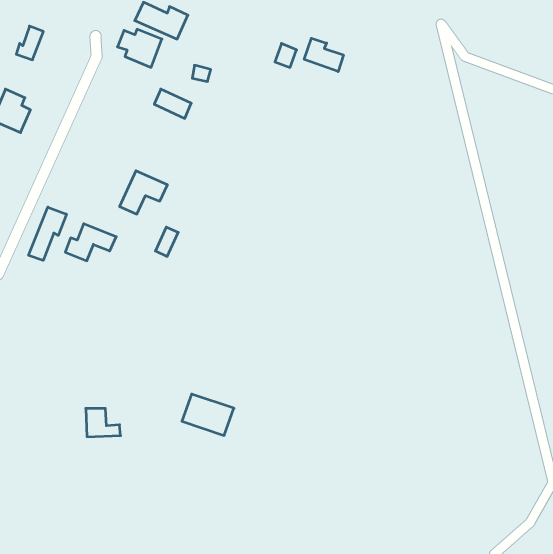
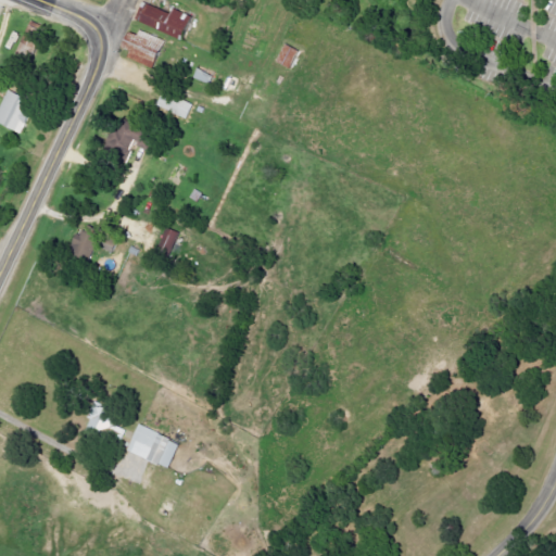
building: [304,38,343,72] -> none
building: [120,171,167,214] -> [106,118,154,162]
building: [29,207,66,260] -> none
building: [182,394,234,435] -> [125,425,177,466]

